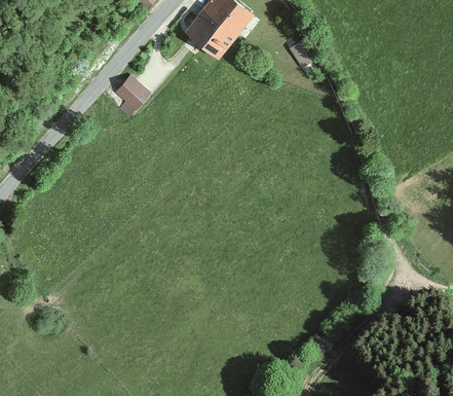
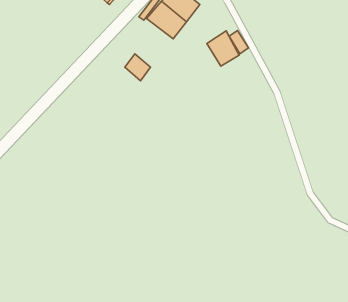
building: none -> [207,31,239,66]
building: [118,79,150,112] -> [125,54,151,81]

